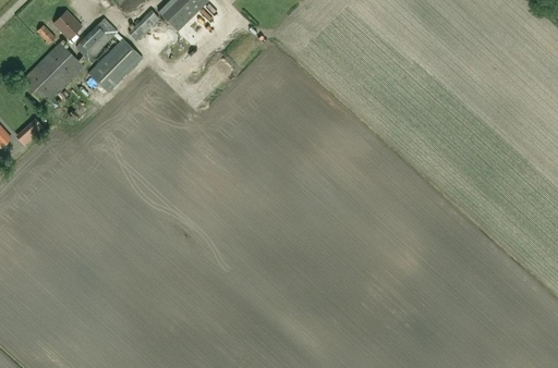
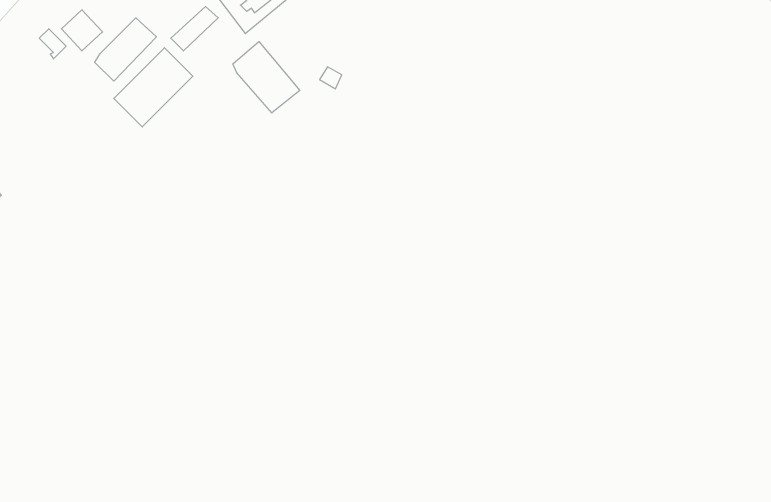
building: none -> [233,42,300,113]
building: [20,41,85,106] -> none

